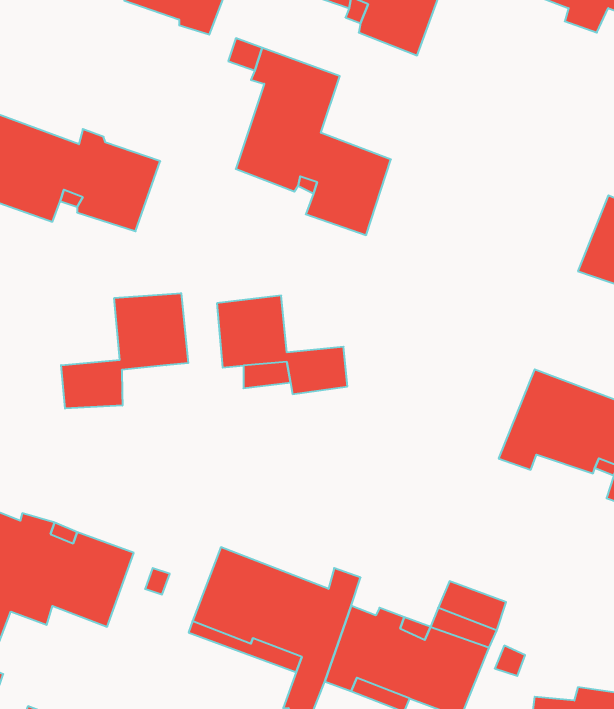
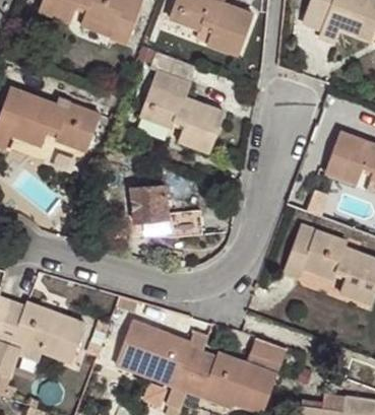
building: [61,293,188,409] -> none

